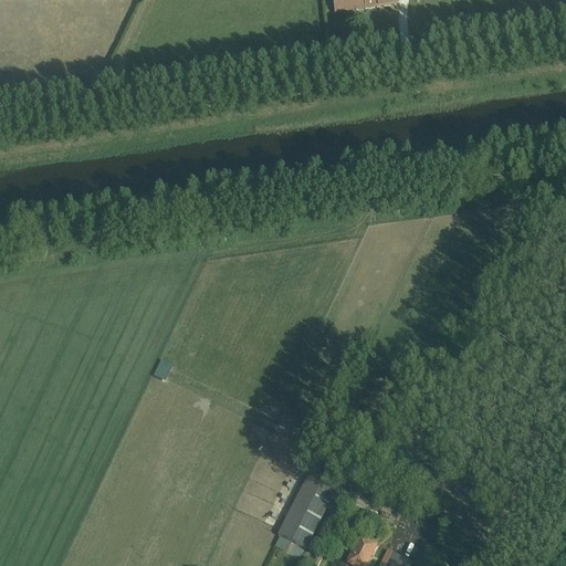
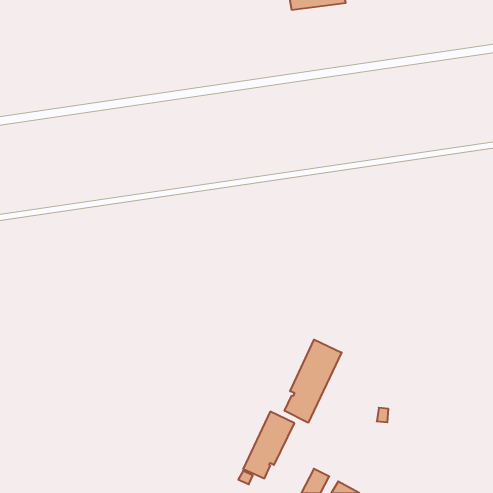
building: none -> [285,340,342,423]

